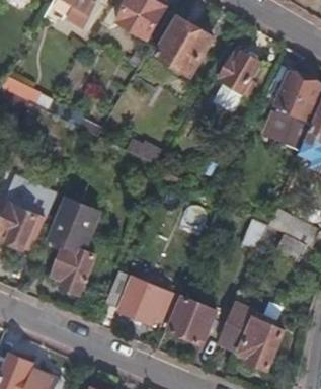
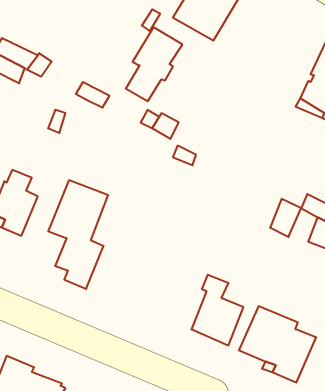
building: [211,48,260,112] -> [126,27,182,101]
building: [104,273,178,325] -> none

